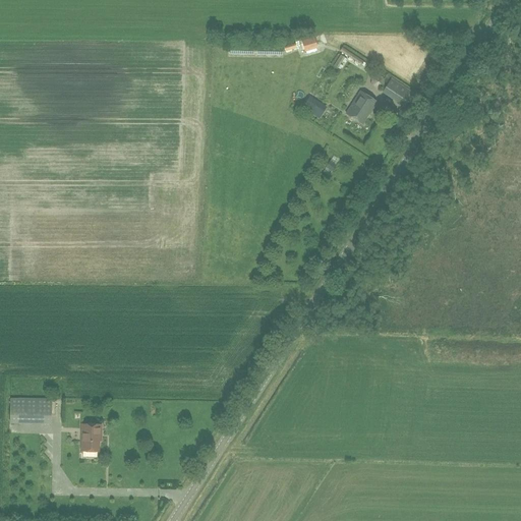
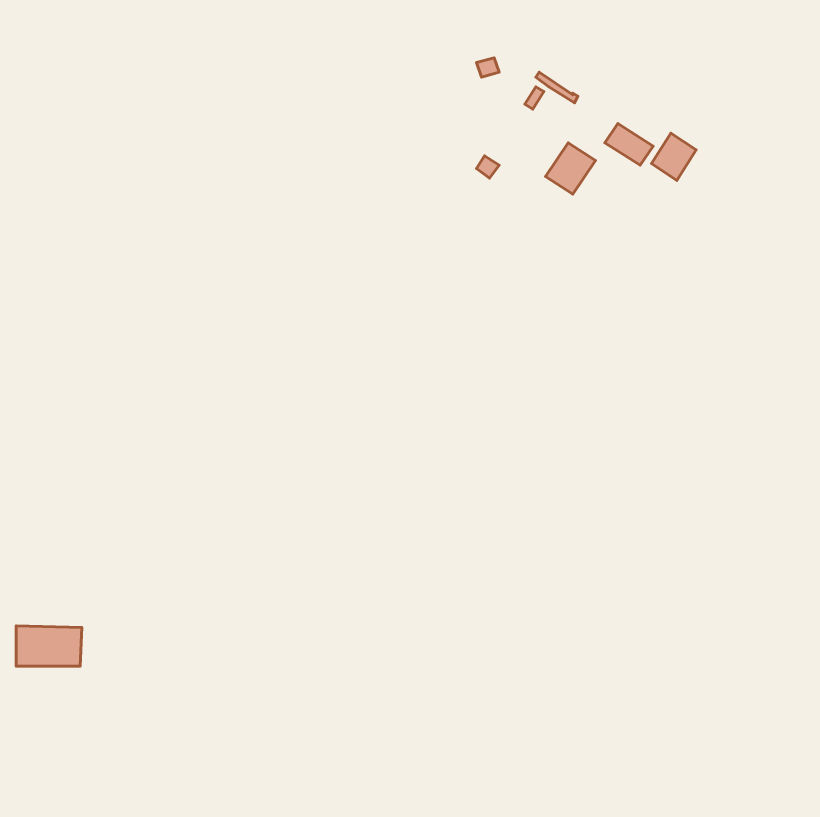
building: none -> [651,133,696,180]
building: [81,423,101,450] -> none

